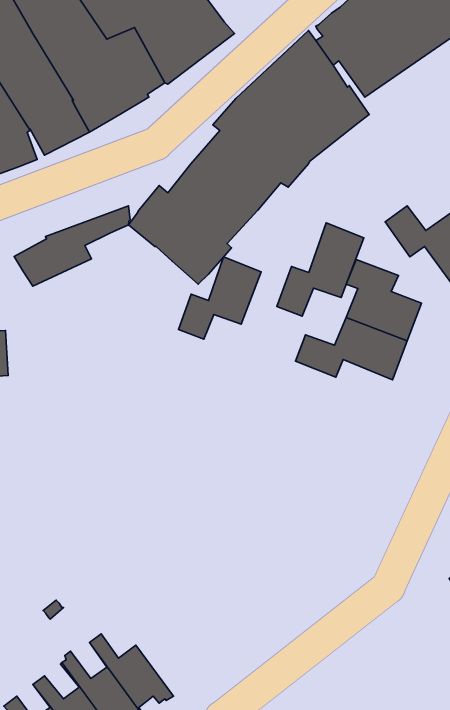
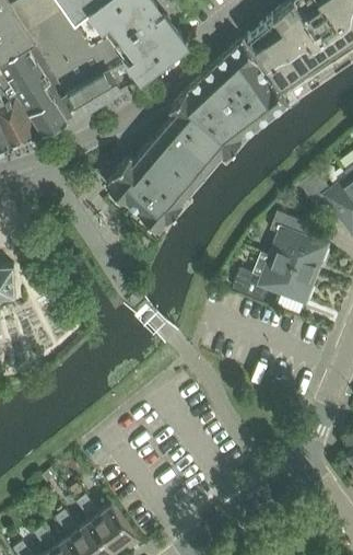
building: [14,206,130,286] -> none
building: [277,223,364,316] -> none
building: [178,257,261,339] -> none

